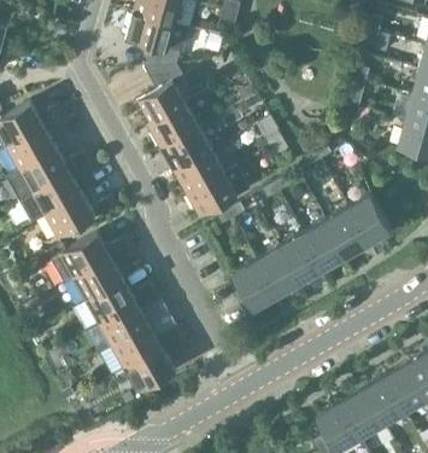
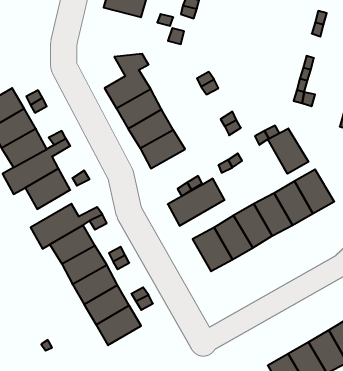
building: [125,13,180,69] -> none
building: none -> [268,128,308,174]
building: [186,165,250,219] -> [168,179,225,226]

